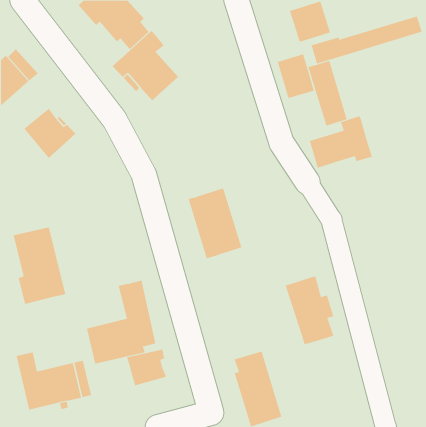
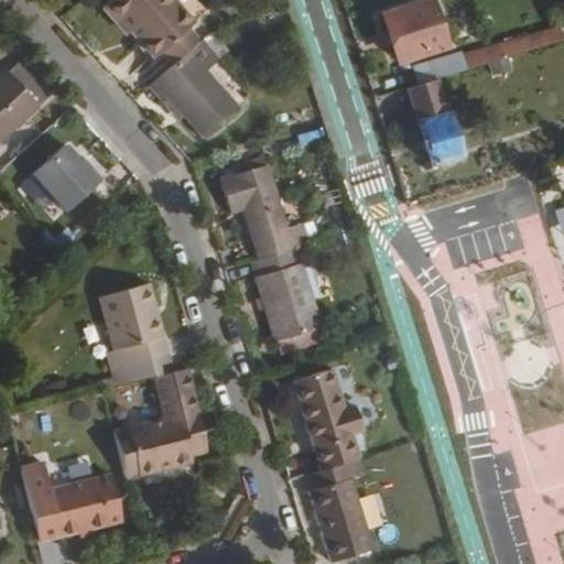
building: [277,54,315,99] -> none
building: [309,115,372,168] -> none
building: none -> [219,158,307,260]
building: [13,227,66,305] -> [101,284,172,387]
building: [285,276,334,345] -> [295,379,360,470]
building: [126,349,167,386] -> none

